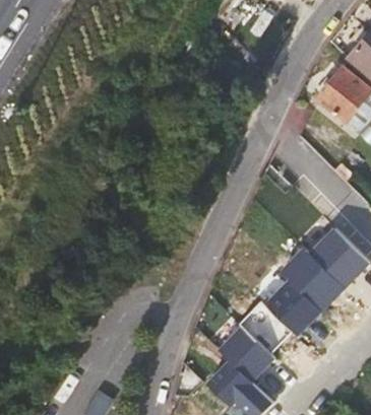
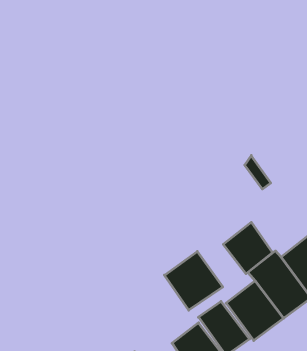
building: none -> [223,222,273,274]
building: none -> [164,251,223,310]

